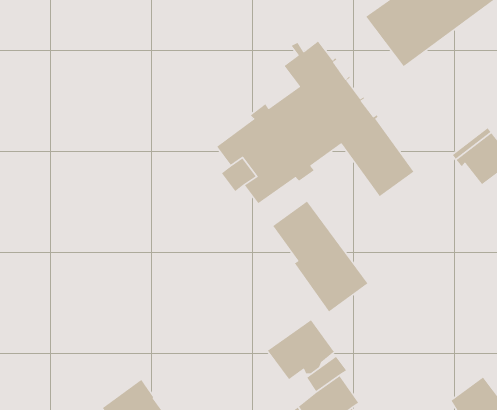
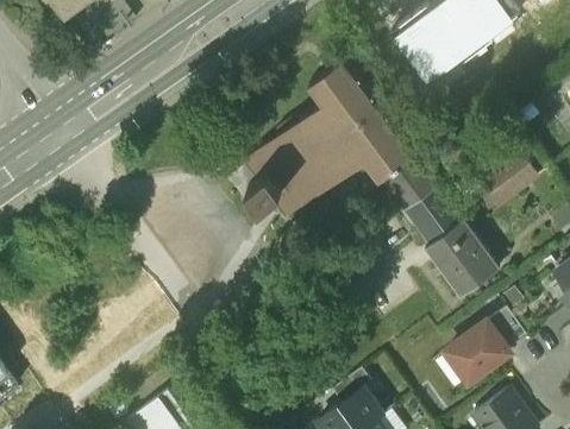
building: [272,201,368,312] -> [405,189,500,299]
building: none -> [446,323,511,383]
building: [267,319,335,380] -> none

